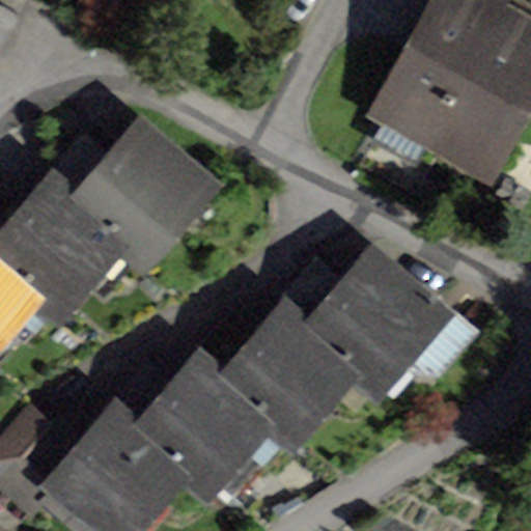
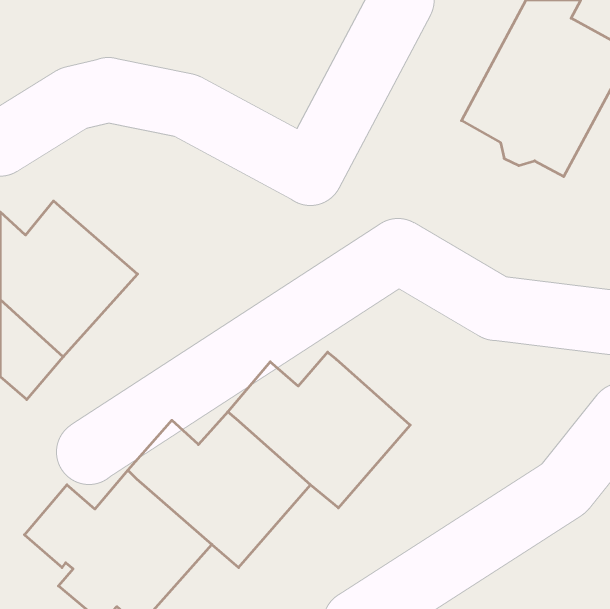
building: [56,131,213,266] -> none
building: [289,259,482,394] -> none

